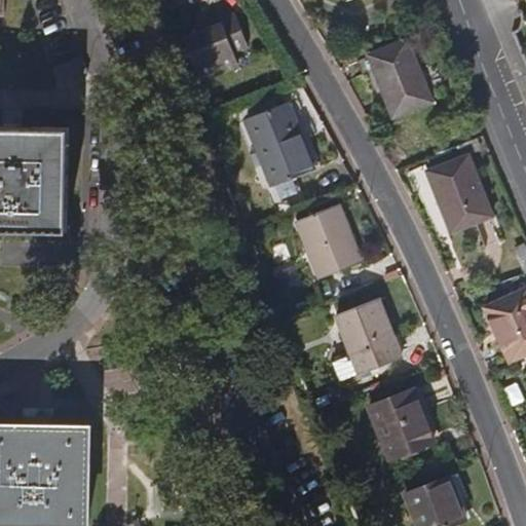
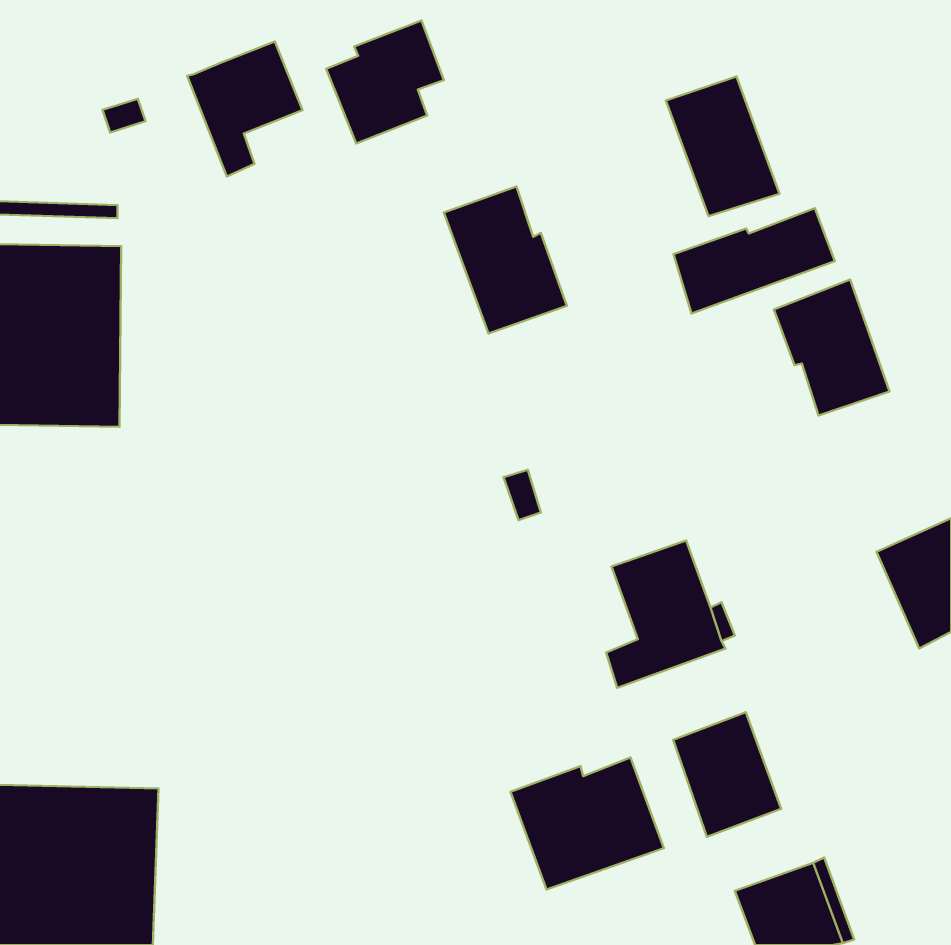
building: none -> [187,41,303,176]
building: none -> [674,208,835,314]
building: [298,201,361,274] -> none
building: none -> [510,757,664,890]

